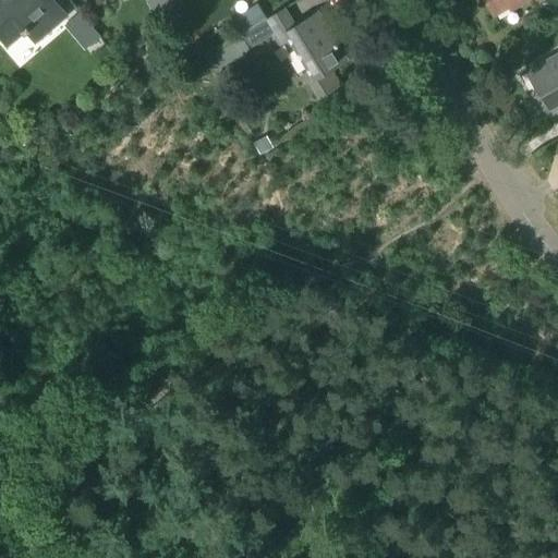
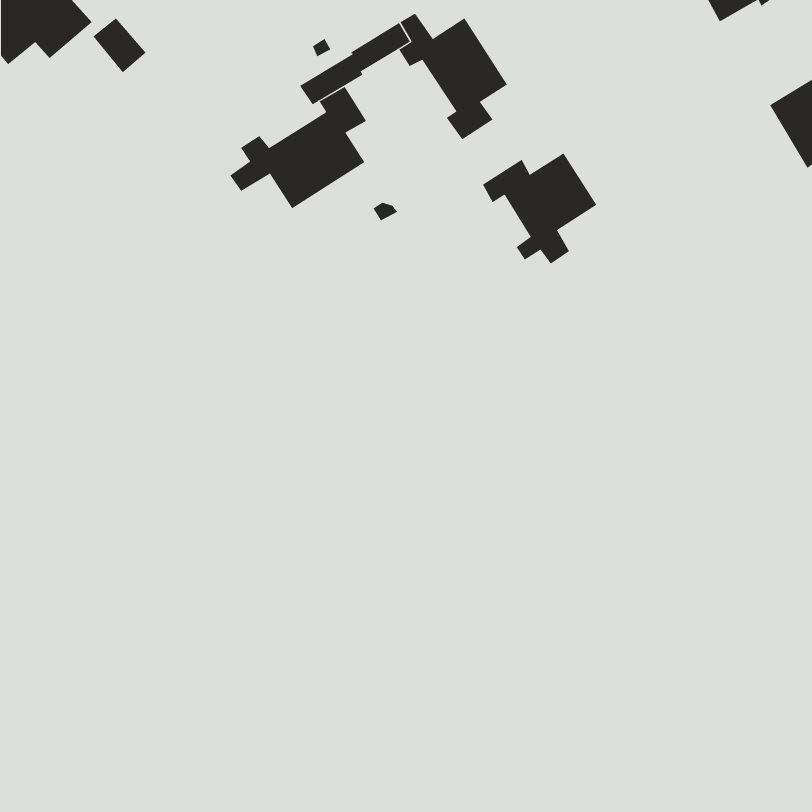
building: none -> [230,86,367,209]
building: none -> [482,152,597,264]

